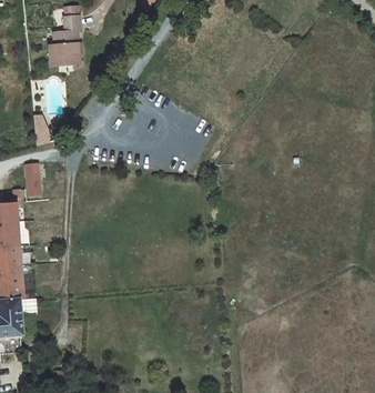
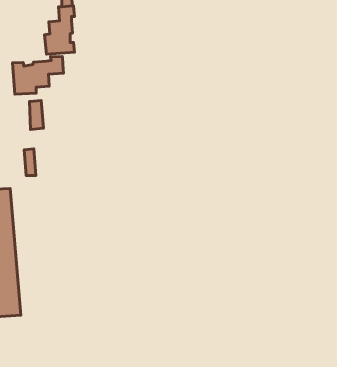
building: none -> [13,56,64,94]

